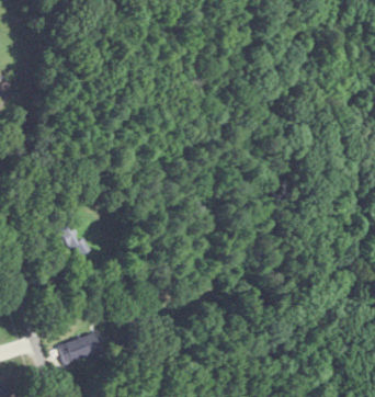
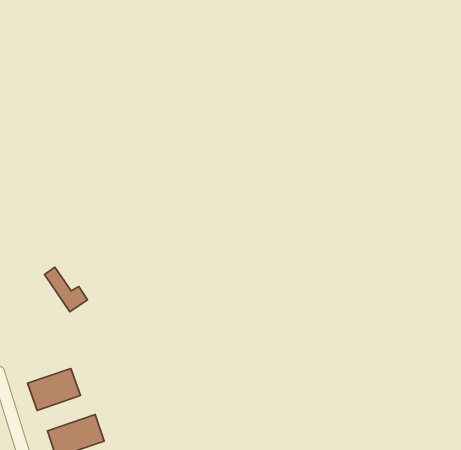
building: none -> [28,368,80,410]

